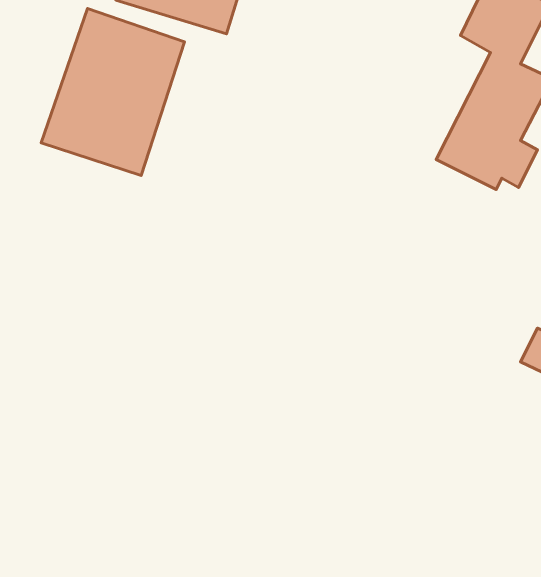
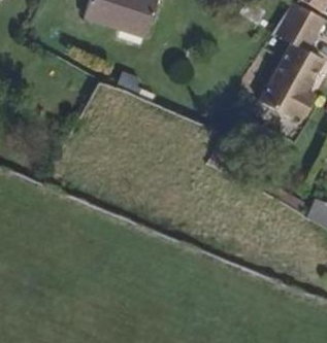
building: [41,9,184,175] -> none

